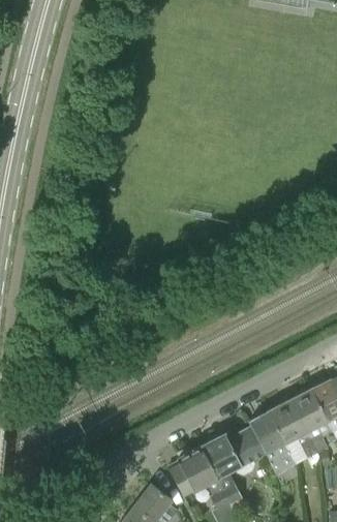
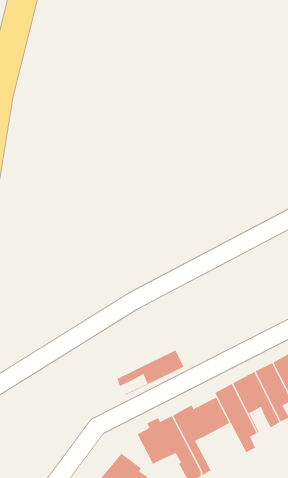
building: none -> [117,349,184,395]

